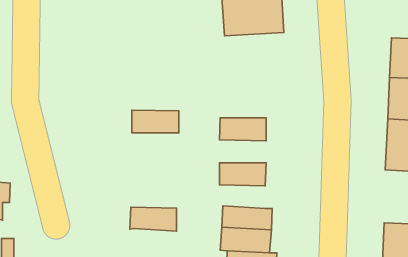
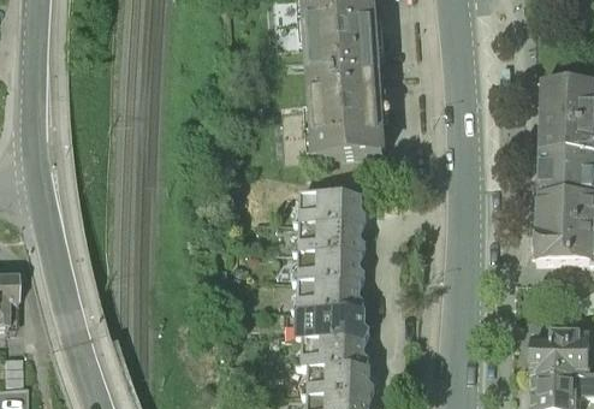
building: none -> [307,67,393,158]
building: [132,110,179,133] -> [299,214,363,245]
building: [130,207,177,231] -> [298,275,362,308]

